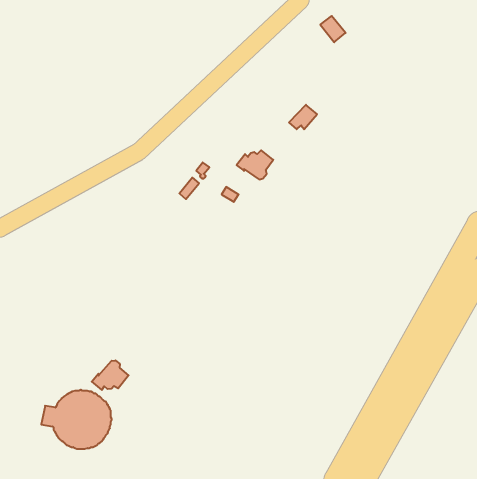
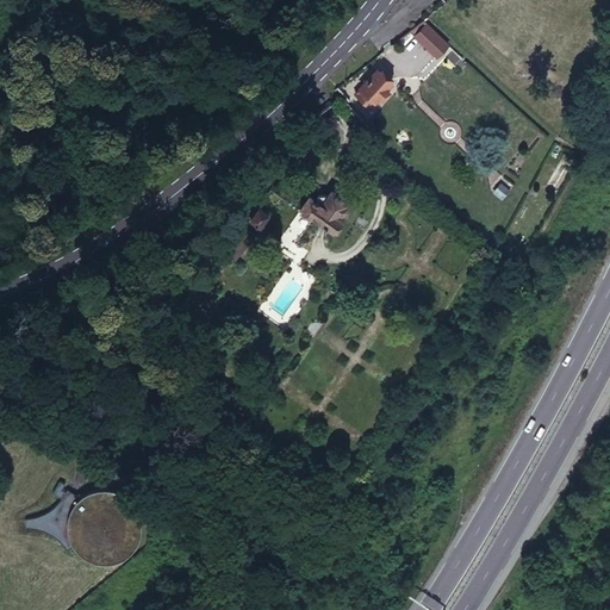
building: [289,105,317,129] -> [357,71,393,102]
building: [92,360,129,390] -> none

